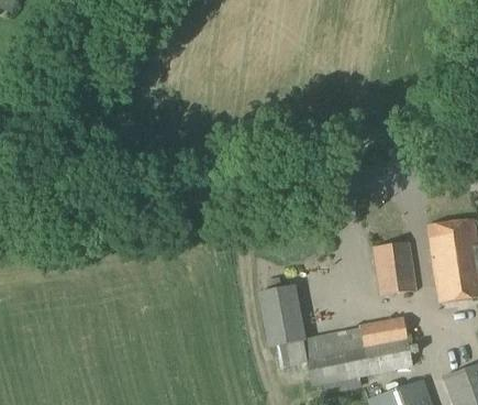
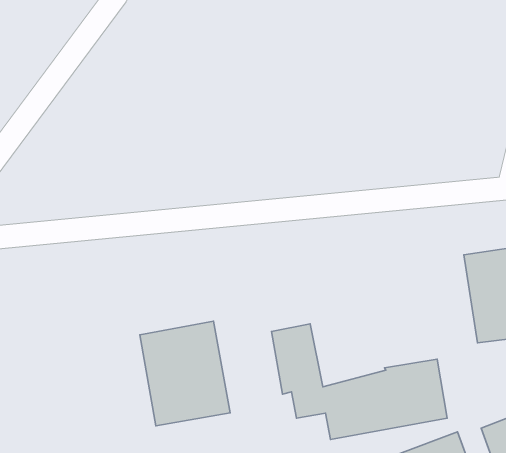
building: [374,242,415,295] -> none
building: none -> [140,321,230,426]

